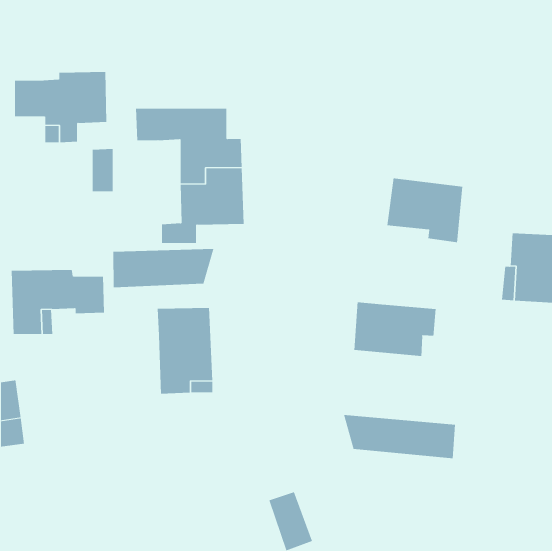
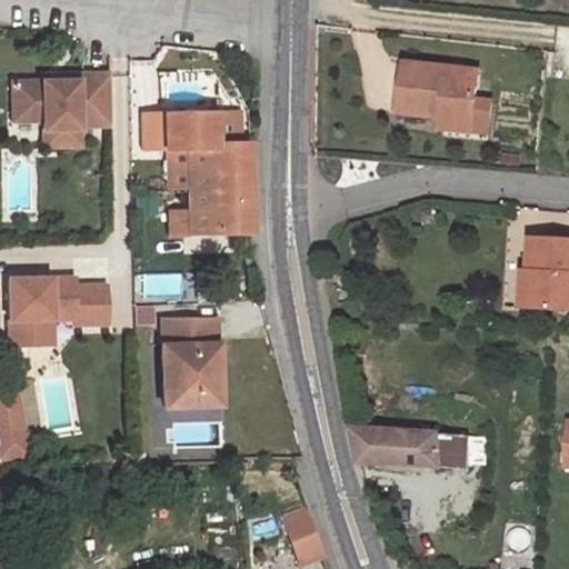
building: [92,148,113,192] -> [163,143,186,188]
building: [386,178,463,243] -> [403,62,482,129]
building: [113,248,214,288] -> none
building: [354,302,436,357] -> none

